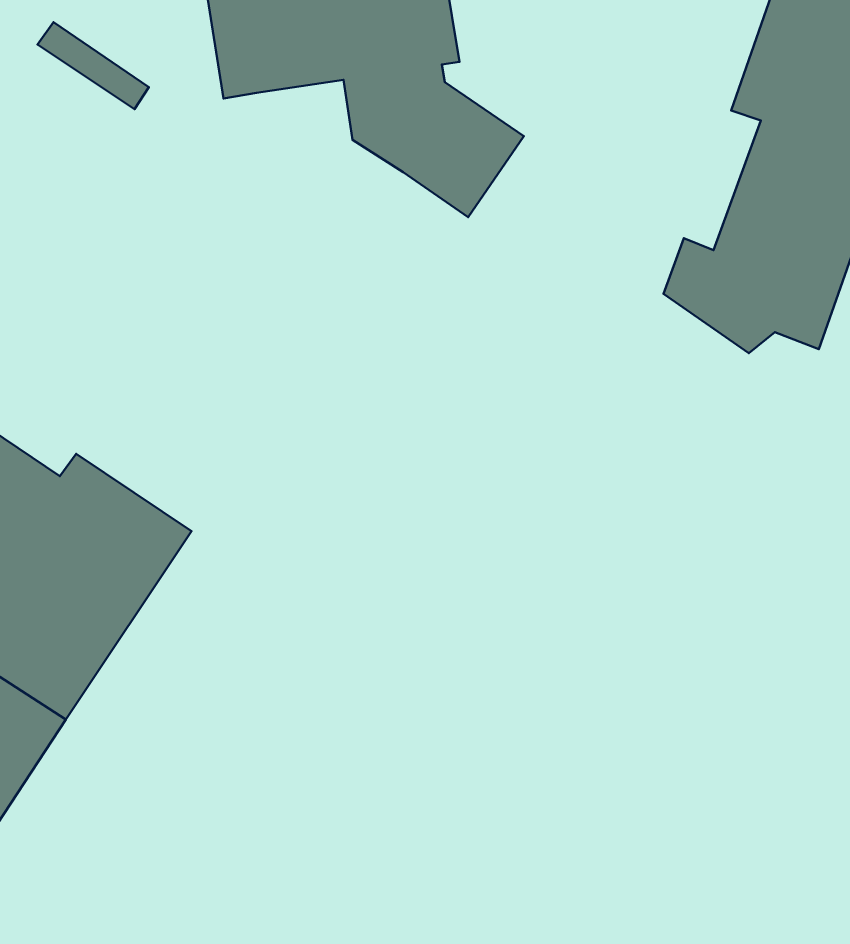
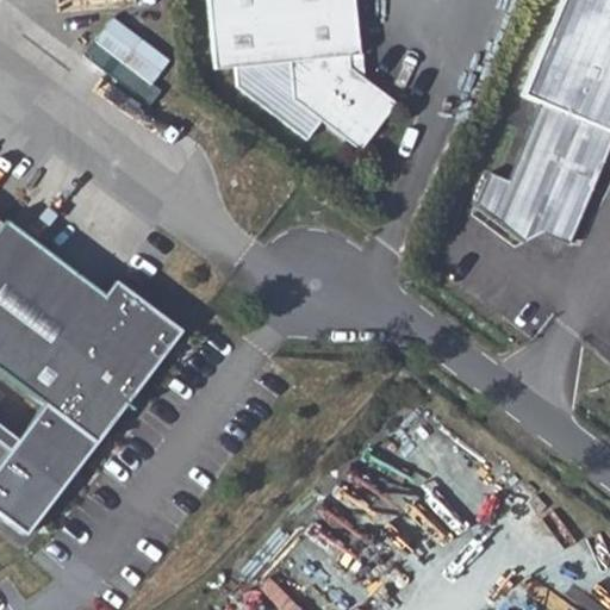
building: none -> [83,29,161,104]
building: none -> [235,61,322,138]

